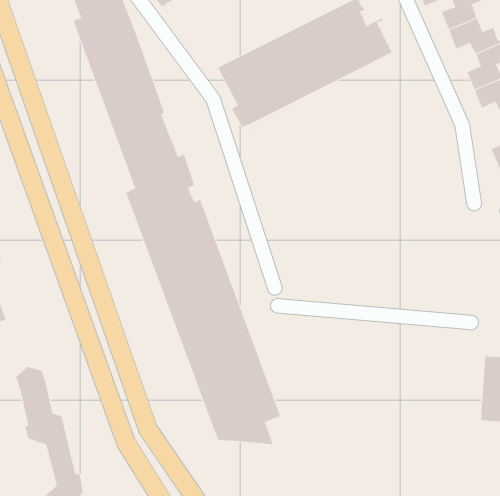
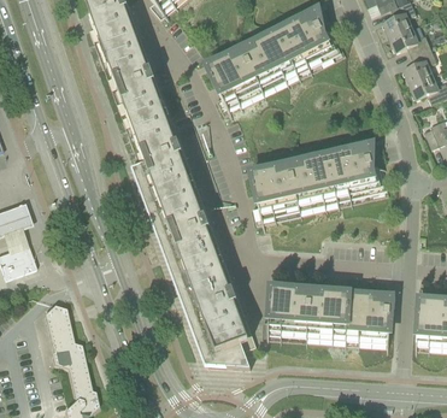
building: none -> [249,142,388,228]
building: none -> [261,285,395,352]

